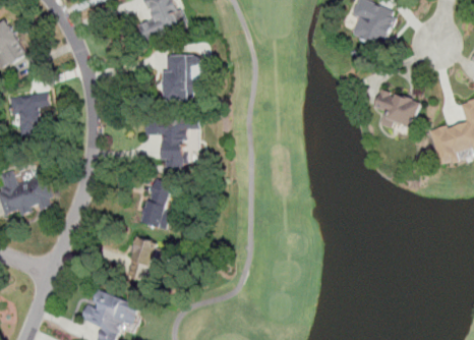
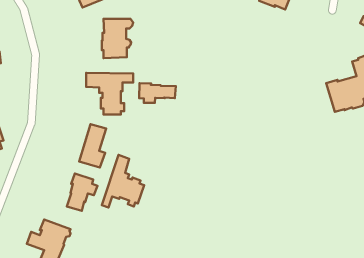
building: [374,89,420,127] -> none
building: none -> [139,83,176,103]
building: none -> [102,155,144,208]

